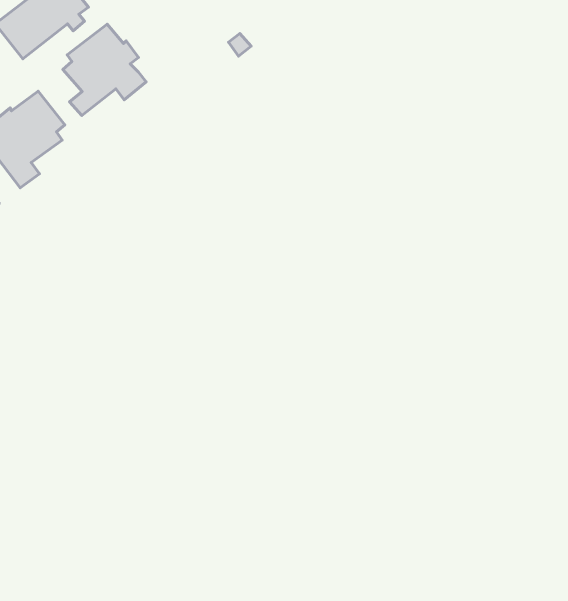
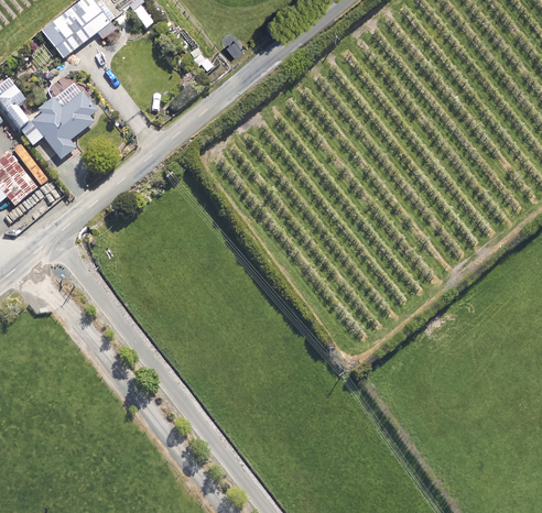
building: [63,24,146,116] -> none

